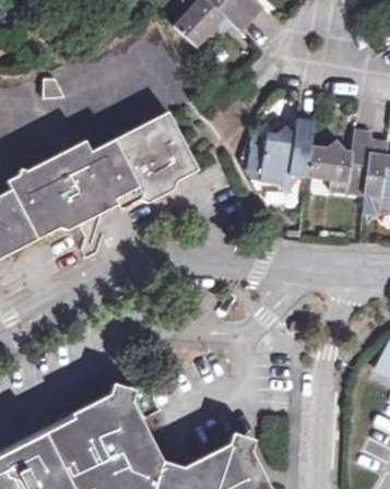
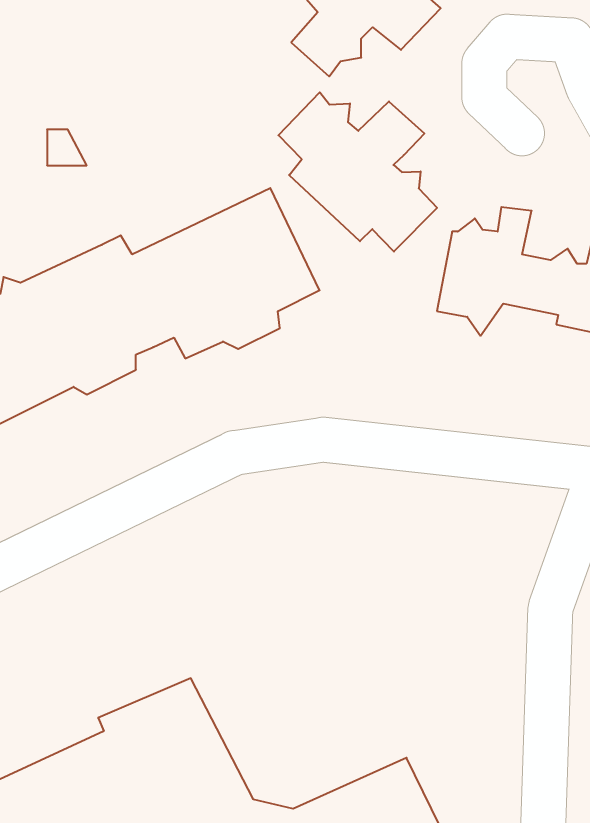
building: none -> [278,92,437,252]

